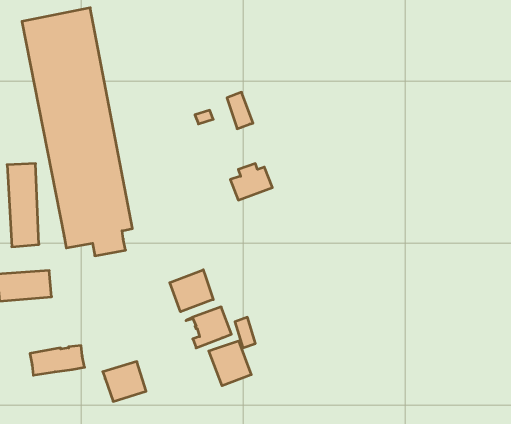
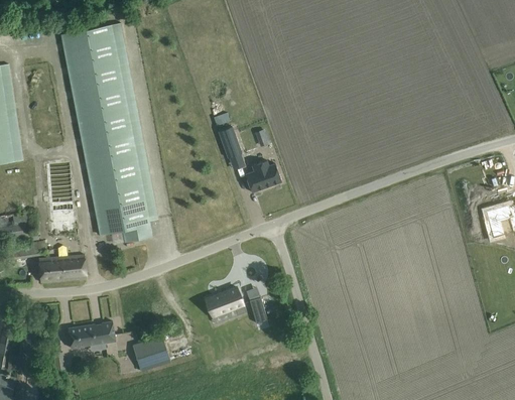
building: [227,92,253,129] -> [218,127,241,159]
building: [170,270,213,312] -> none
building: [209,341,251,386] -> none

